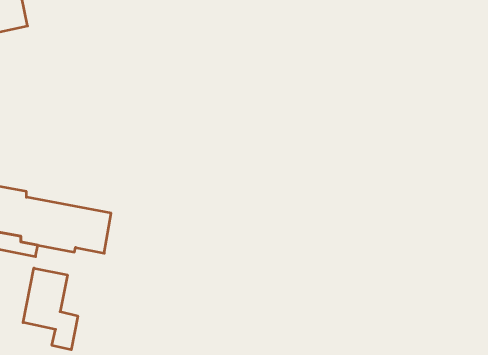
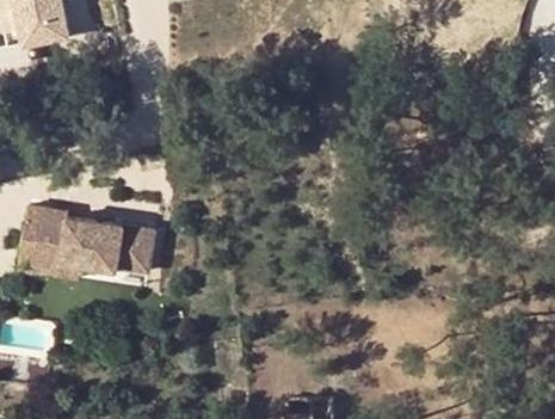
building: [23,268,78,350] -> none

